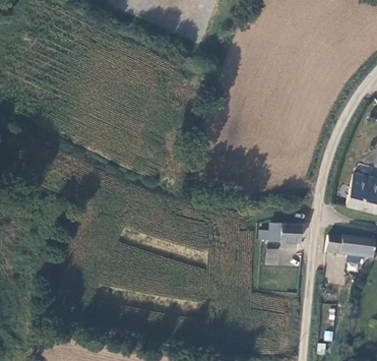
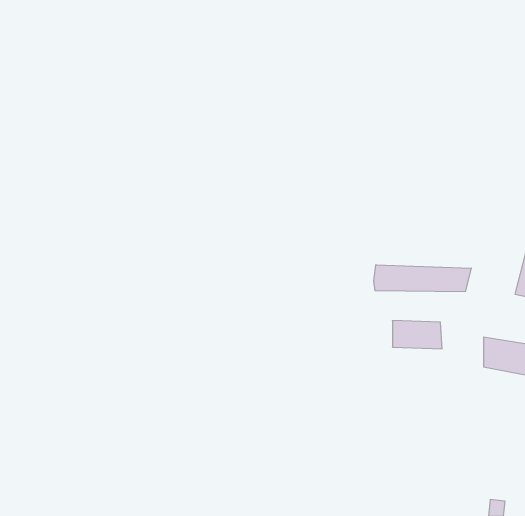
building: none -> [374,265,471,292]

